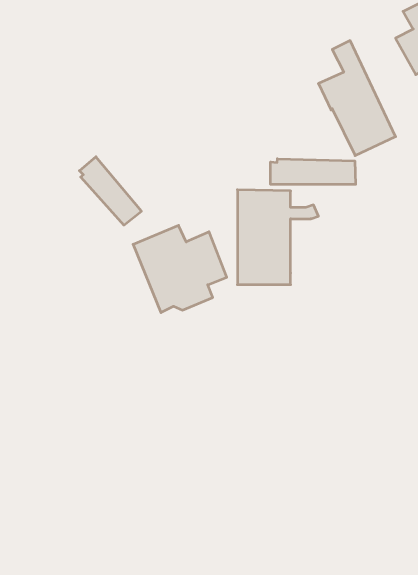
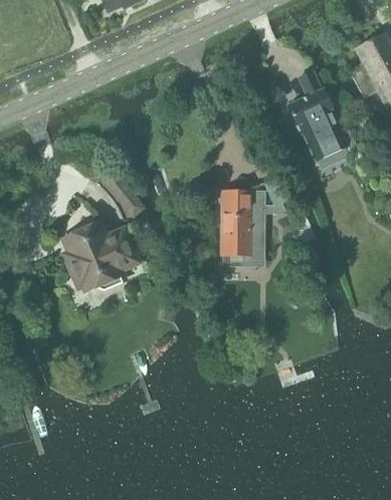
building: [271,159,356,184] -> none
building: [133,225,227,313] -> [63,223,138,292]

